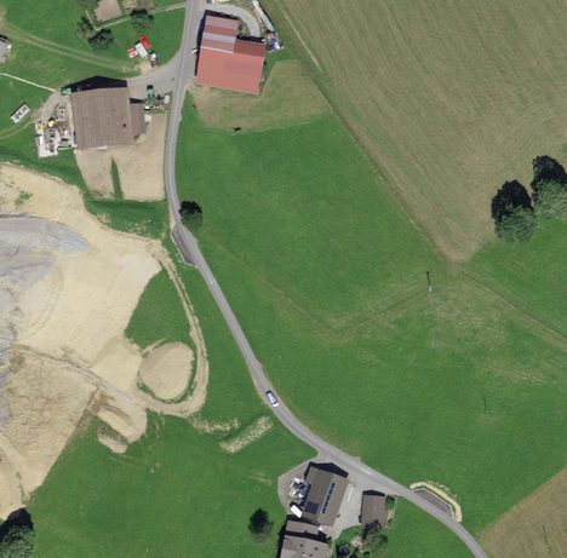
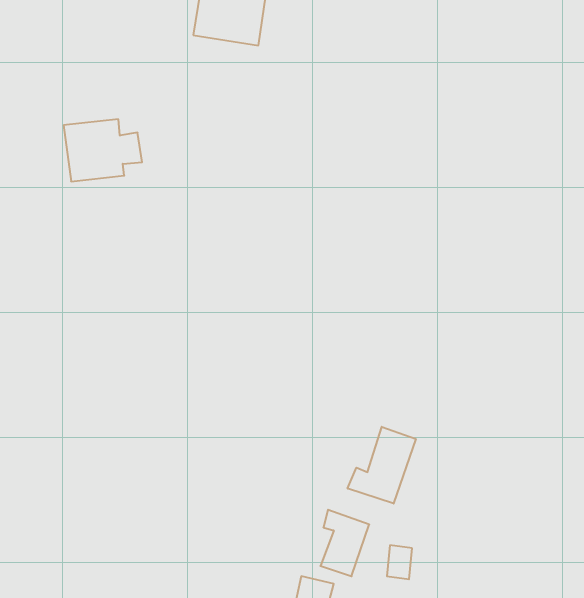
building: [78,94,142,145] -> [64,119,142,181]
building: none -> [348,427,416,504]

